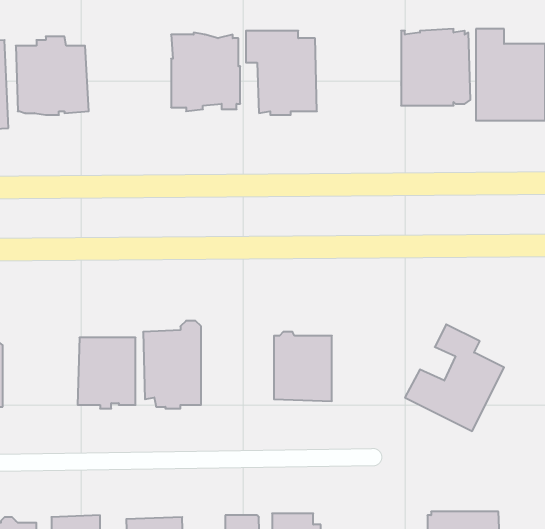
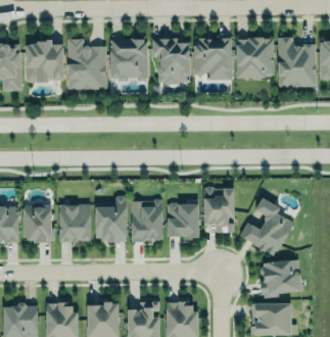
building: none -> [193,37,232,81]
building: none -> [67,39,106,90]
building: none -> [203,187,235,234]
building: none -> [130,200,162,242]
building: none -> [23,205,54,244]
building: none -> [258,257,300,296]

